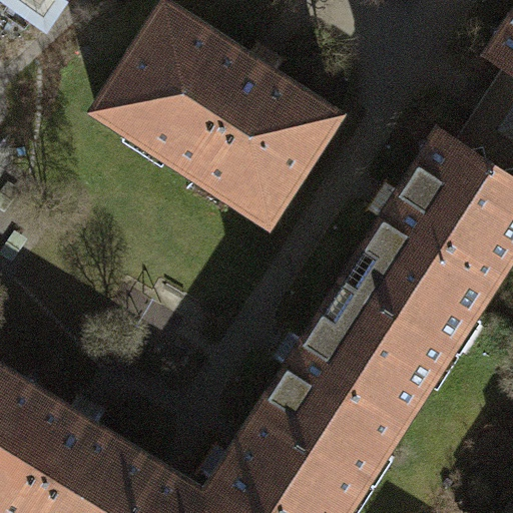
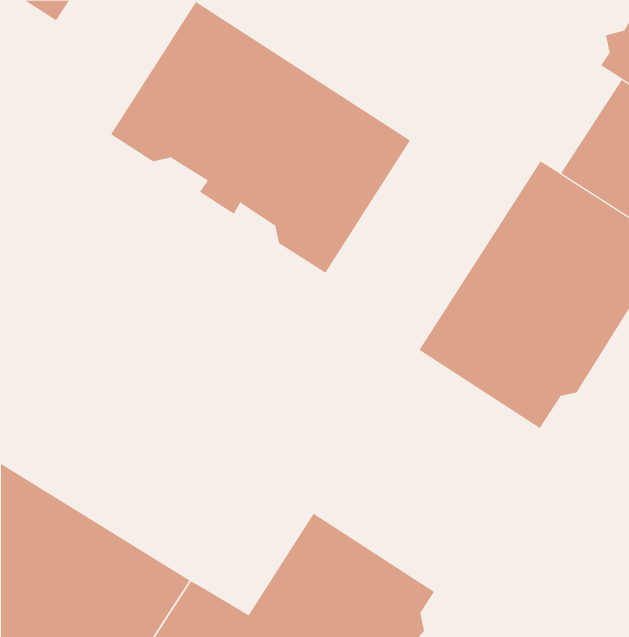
building: [260,283,441,476] -> none

